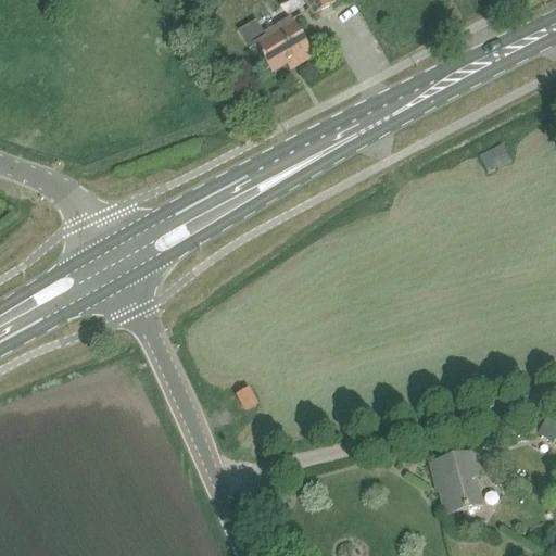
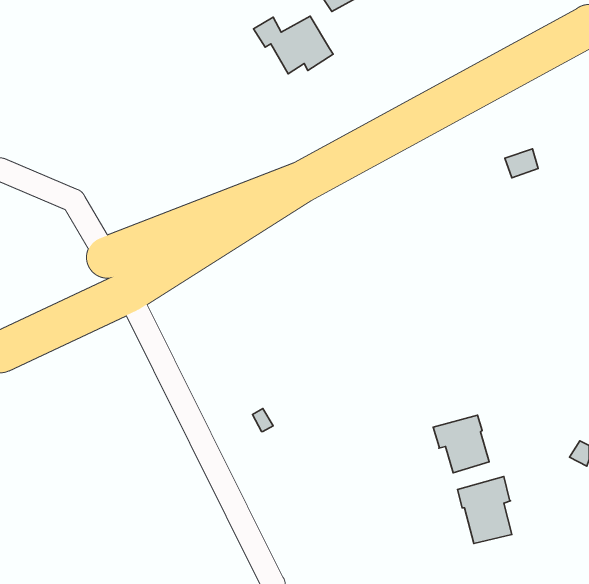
building: none -> [433,415,489,473]

